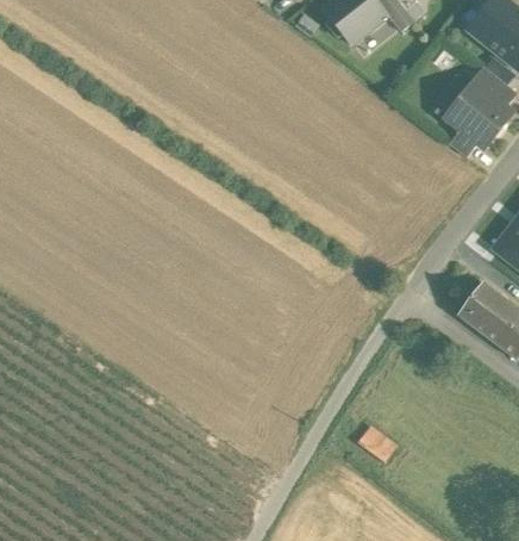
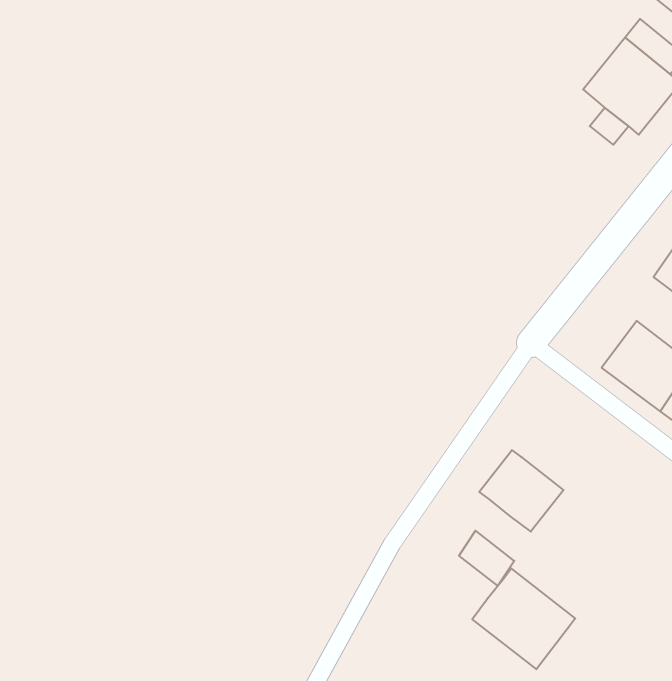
building: none -> [479,450,564,532]
building: none -> [472,568,575,669]

